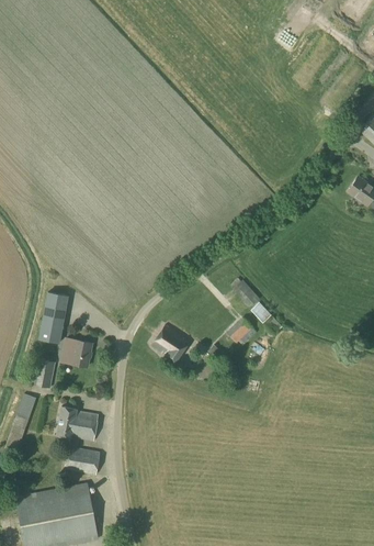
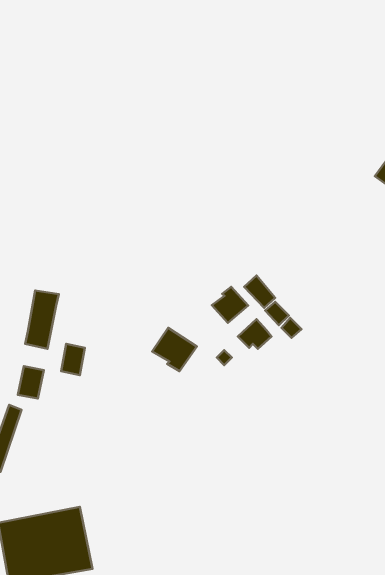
building: none -> [212,287,248,323]
building: [57,406,100,475] -> none

